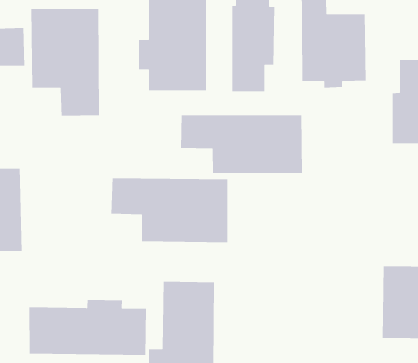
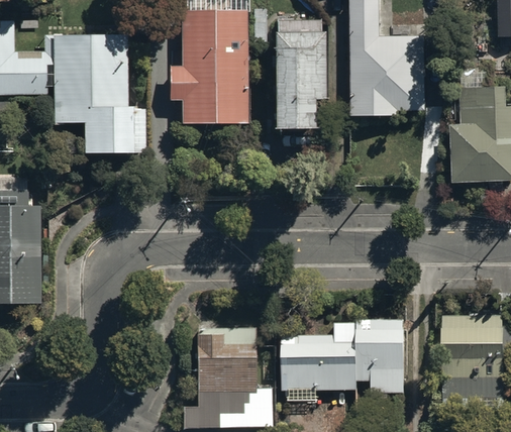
building: [180,114,303,174] -> none
building: [111,177,228,243] -> none
building: none -> [283,322,404,395]
building: [28,299,147,356] -> none

